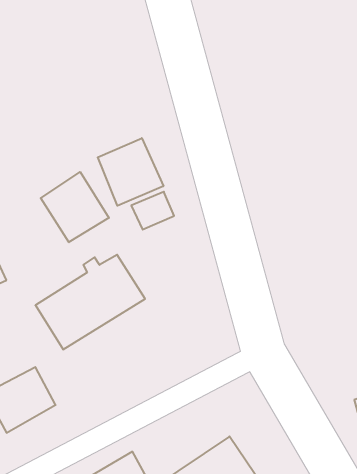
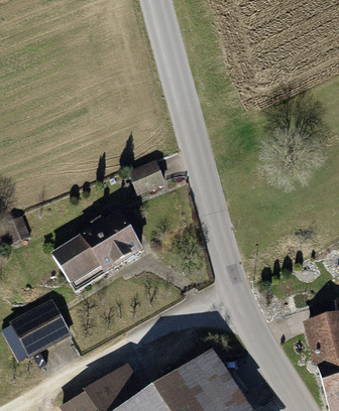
building: [98,138,163,206] -> none
building: [41,172,109,242] -> none

